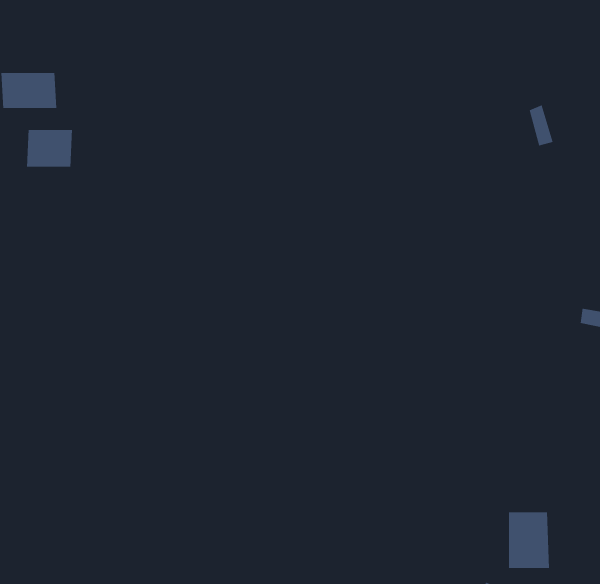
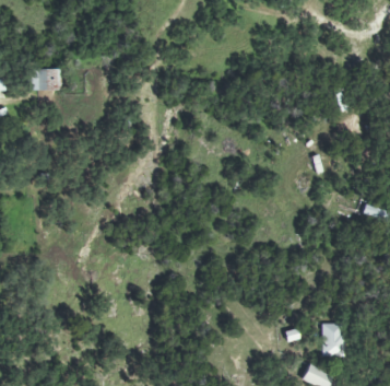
building: [27,129,73,167] -> none

